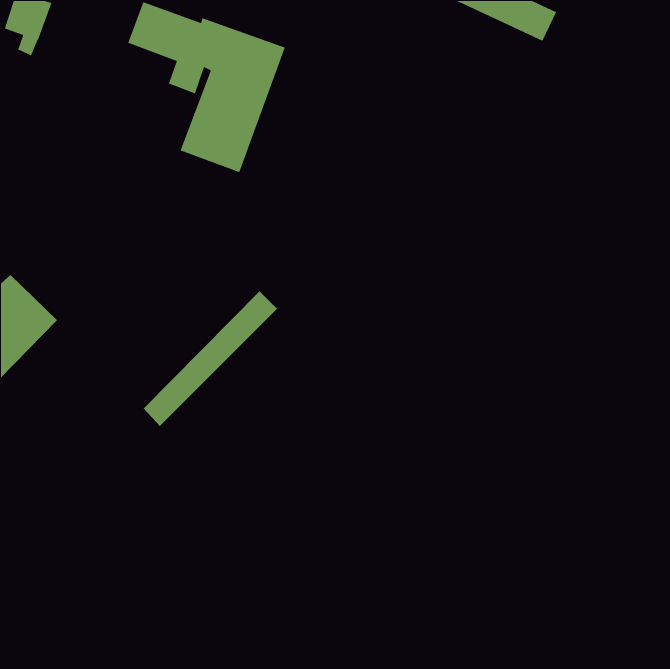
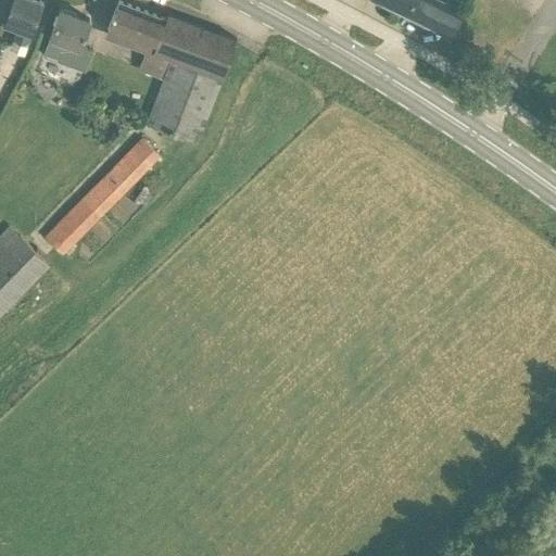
building: none -> [43,10,92,72]
building: [143,290,278,427] -> [45,139,156,252]

